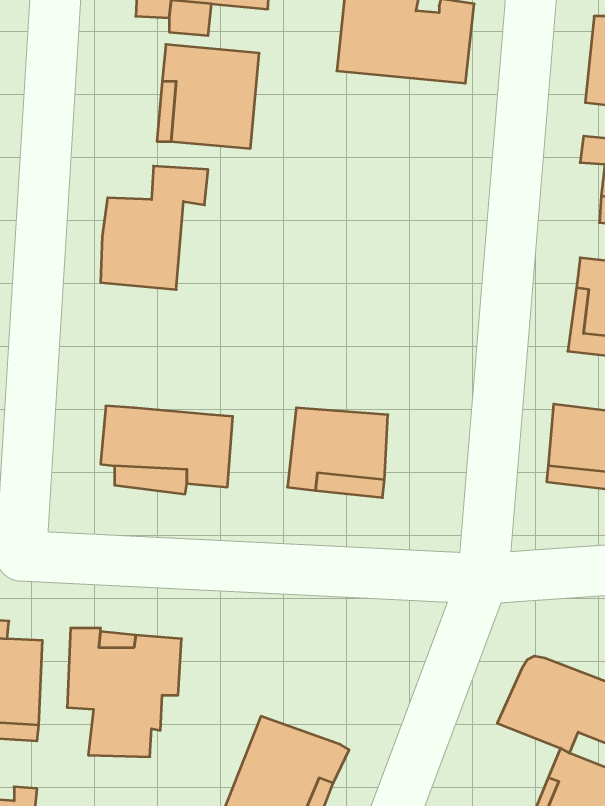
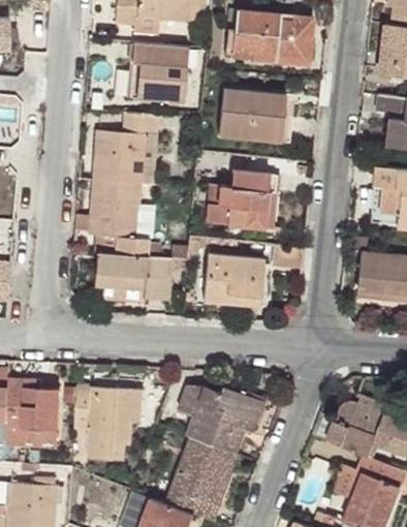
building: none -> [220,88,286,142]
building: none -> [206,169,277,227]
building: none -> [90,180,162,257]
building: none -> [178,383,264,451]

